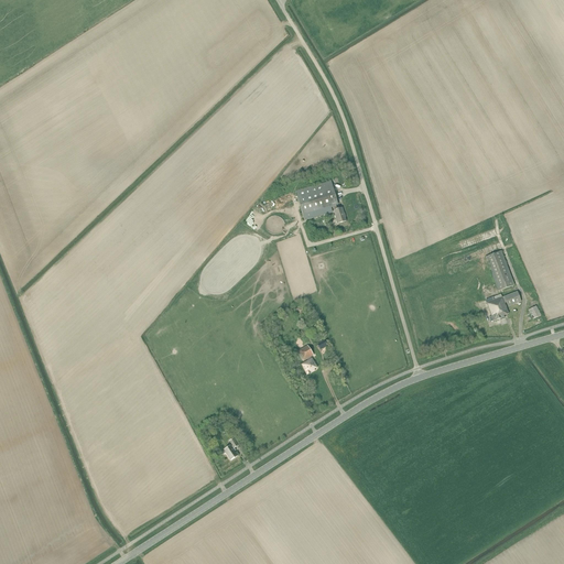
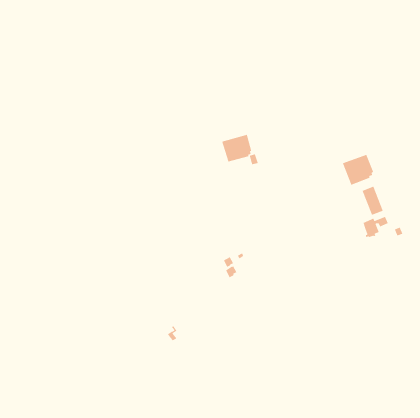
building: none -> [342,154,374,186]

